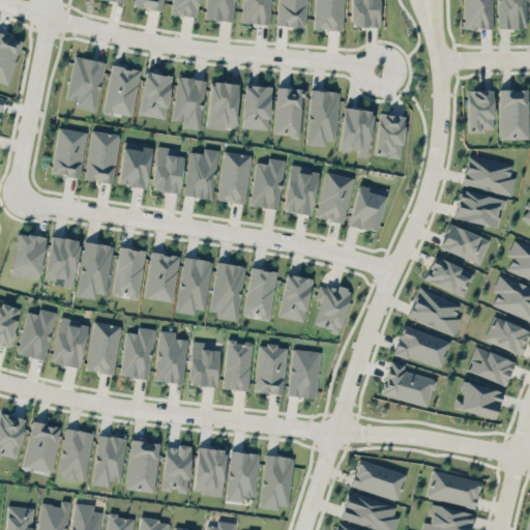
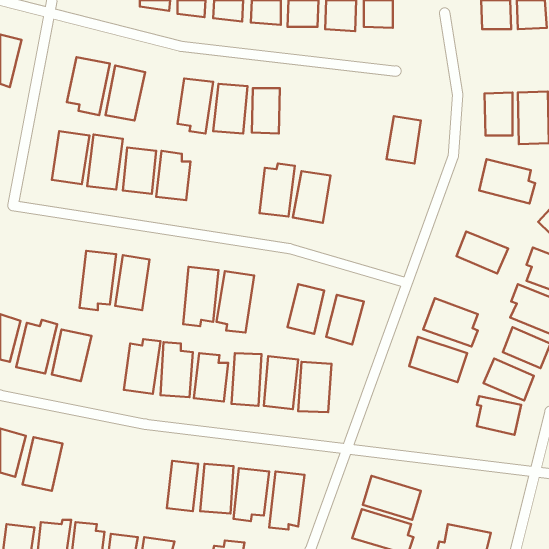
building: [140,71,171,119] -> none
building: [274,88,302,137] -> none
building: [307,90,338,146] -> none
building: [340,108,373,157] -> none
building: [185,149,218,199] -> none
building: [216,151,253,204] -> none
building: [316,172,352,223] -> none
building: [348,183,386,232] -> none
building: [453,190,506,227] -> none
building: [9,233,47,279] -> none
building: [43,236,81,287] -> none
building: [144,252,179,302] -> none
building: [425,258,473,295] -> none
building: [244,268,275,320] -> none
building: [87,322,120,375] -> none
building: [382,360,435,407] -> none
building: [59,429,92,480] -> none
building: [93,436,126,487] -> none
building: [126,440,158,493] -> none
building: [425,470,480,508] -> none

